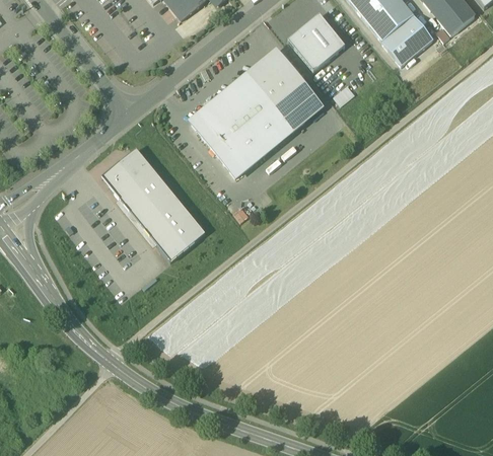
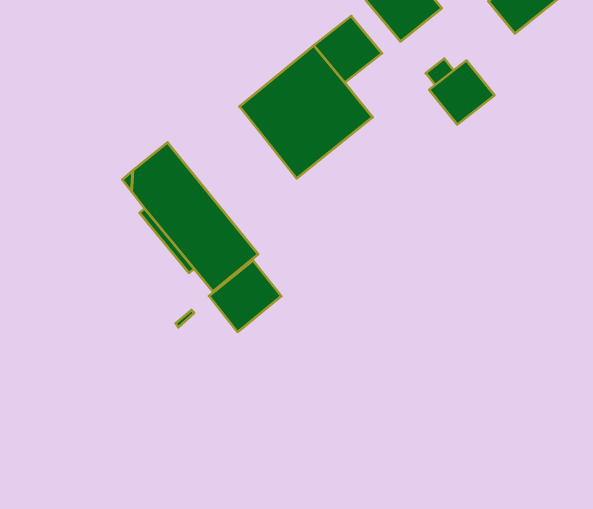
building: [271,79,321,128] -> [429,61,494,124]
building: none -> [209,260,281,332]

